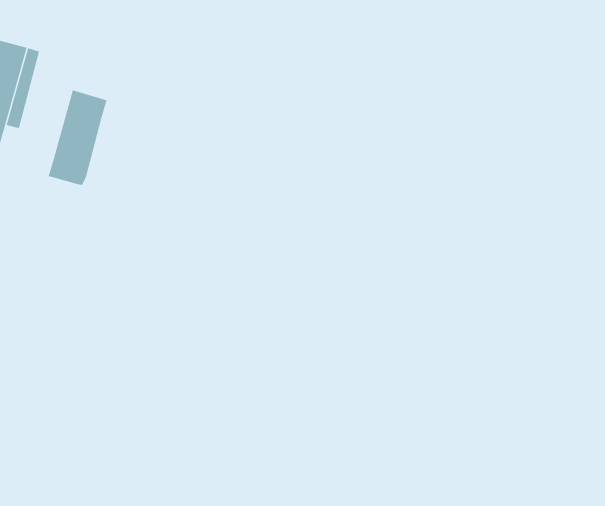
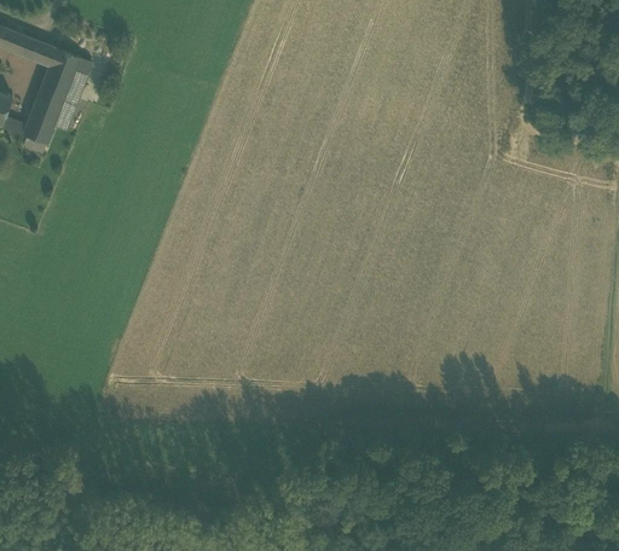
building: [48,90,107,186] -> none

